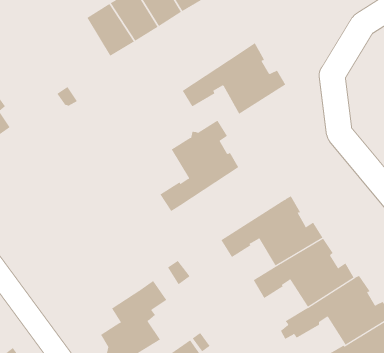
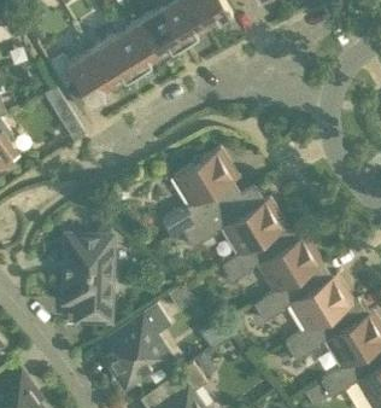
building: none -> [49,49,115,109]
building: [182,42,286,126] -> [183,185,285,266]
building: none -> [65,234,111,320]

